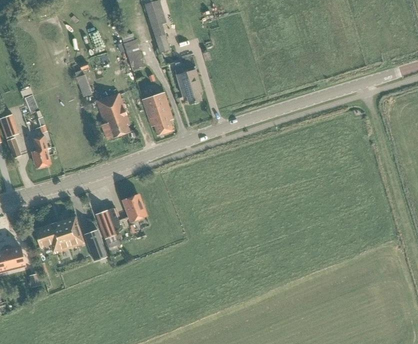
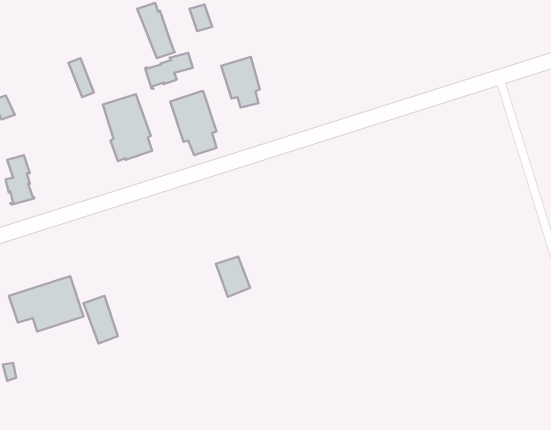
building: none -> [145,53,193,89]
building: [122,194,145,221] -> [216,256,250,297]
building: [95,207,120,248] -> none

